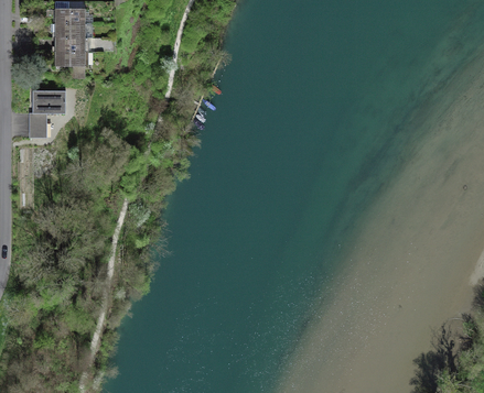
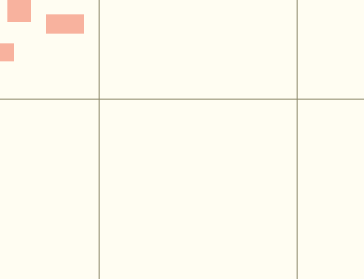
building: none -> [46,14,84,35]

